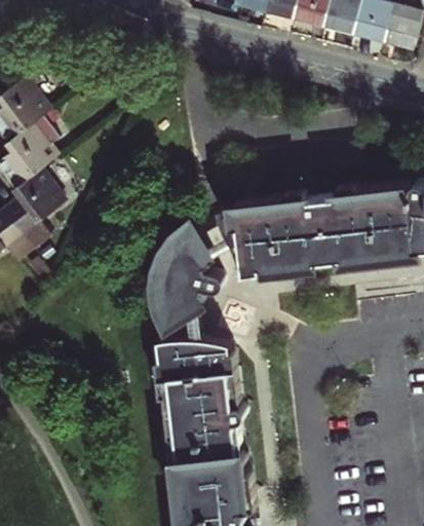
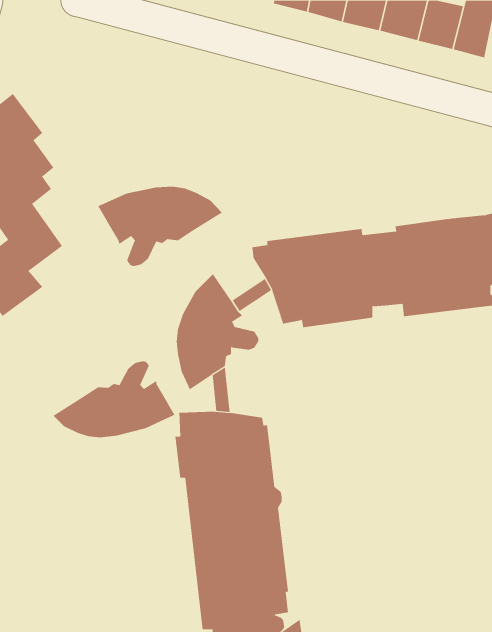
building: none -> [97,186,223,267]
building: none -> [52,360,175,438]

